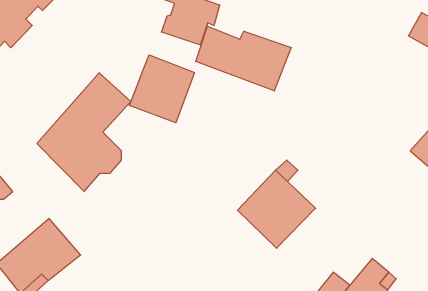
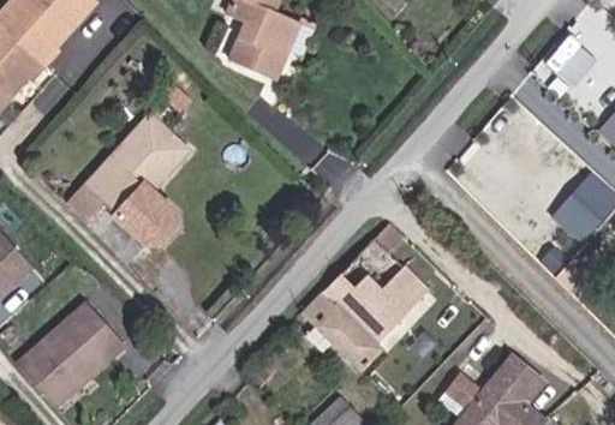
building: [196,26,291,91] -> none
building: [130,55,195,123] -> none
building: none -> [304,292,388,375]

